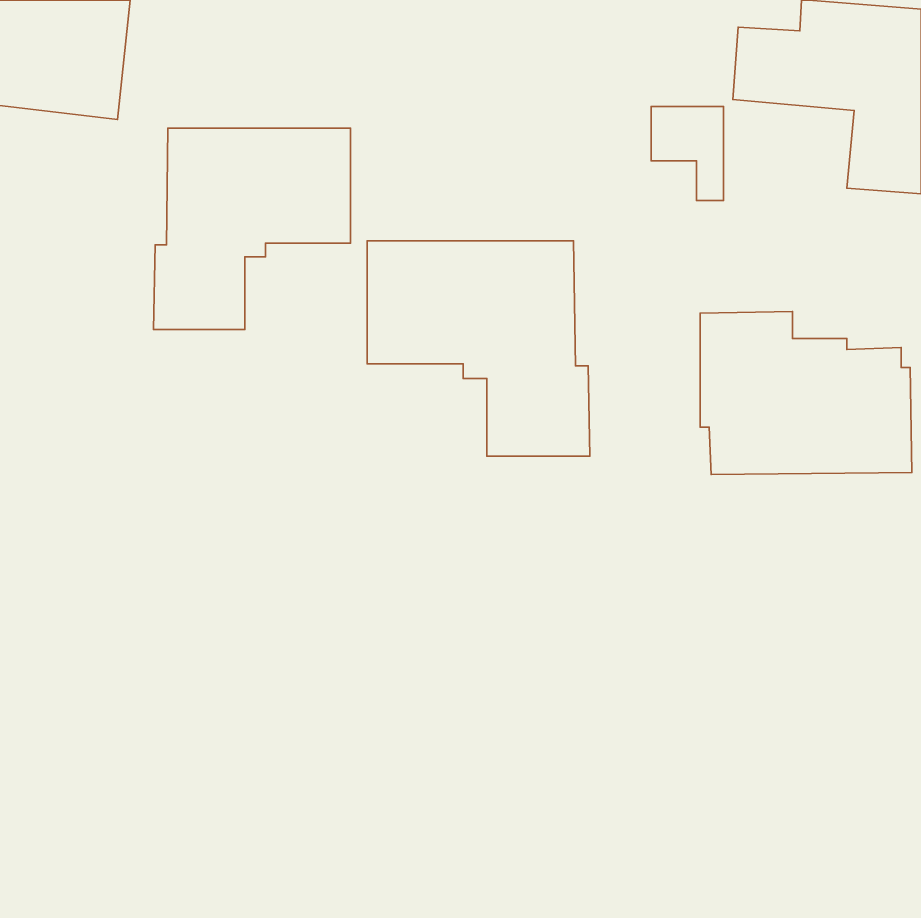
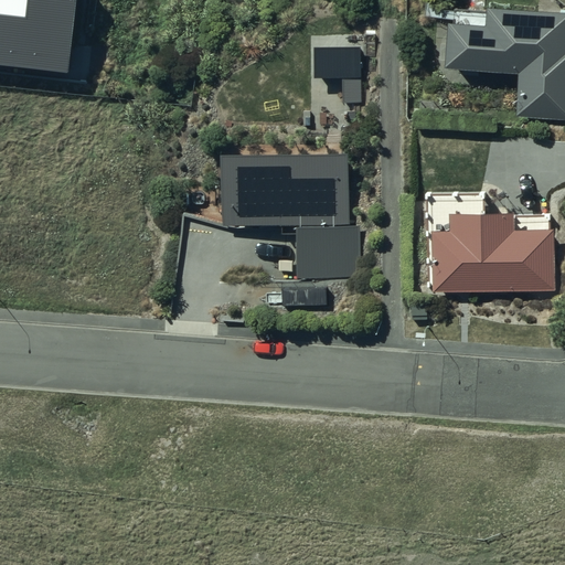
building: [651,107,724,201] -> [315,46,359,104]
building: [154,128,351,330] -> none

